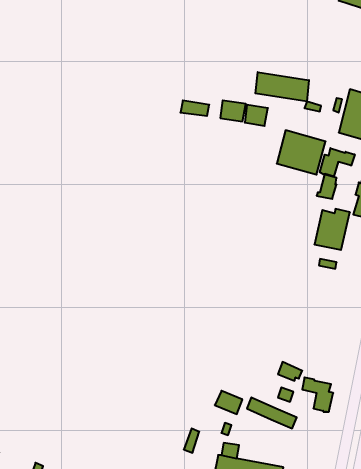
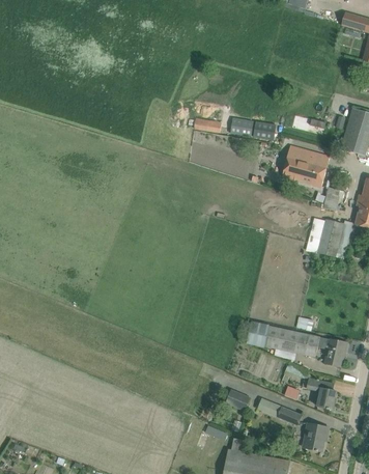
building: [255,72,309,101] -> none
building: [320,148,355,176] -> none
building: none -> [247,322,347,366]
building: none -> [305,423,329,451]

